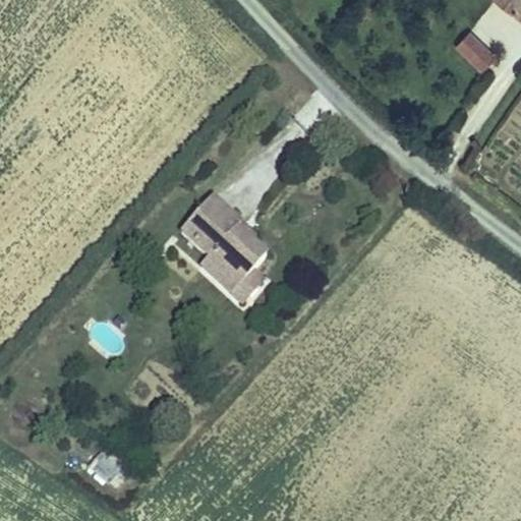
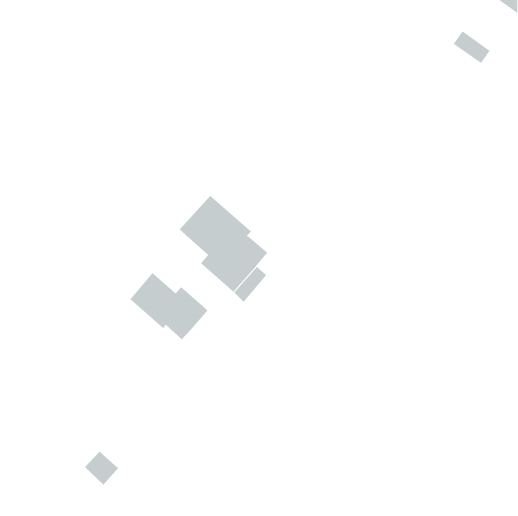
building: none -> [129,272,209,340]

